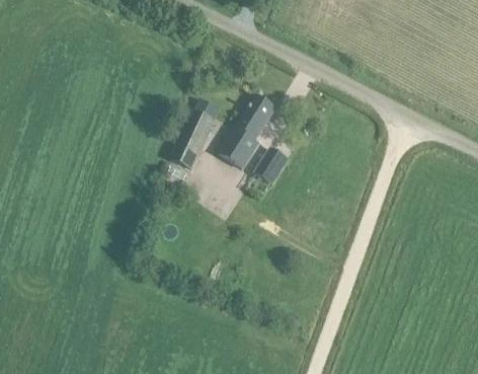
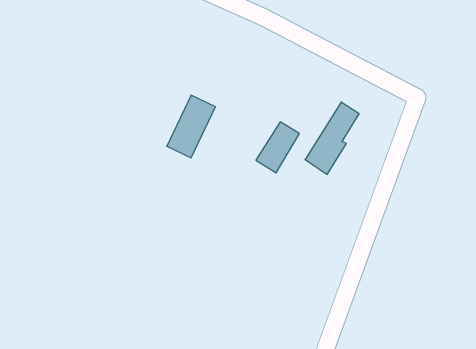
building: [224,97,275,166] -> [305,102,359,174]

